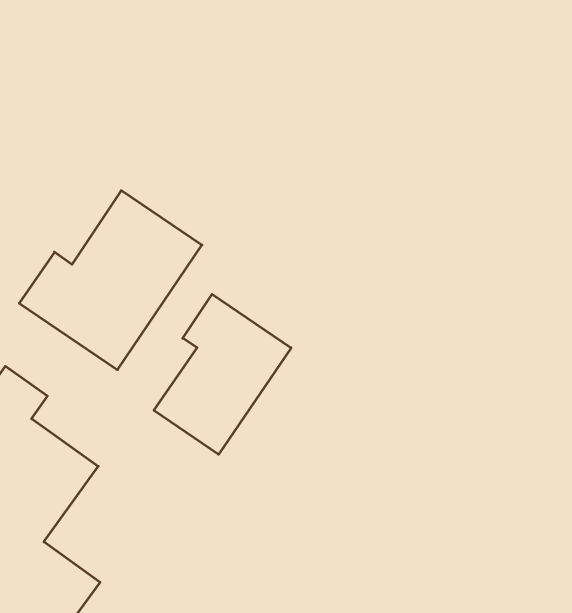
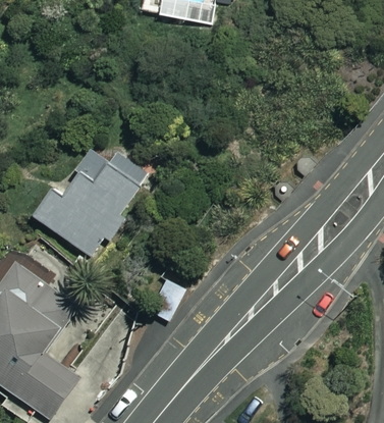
building: [154,294,291,454] -> none

